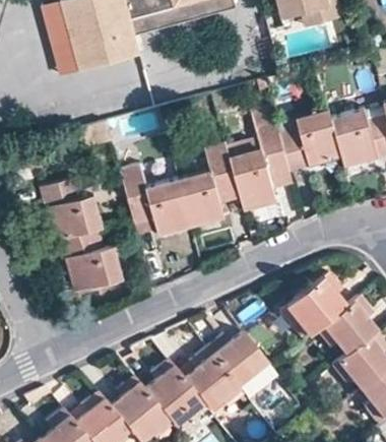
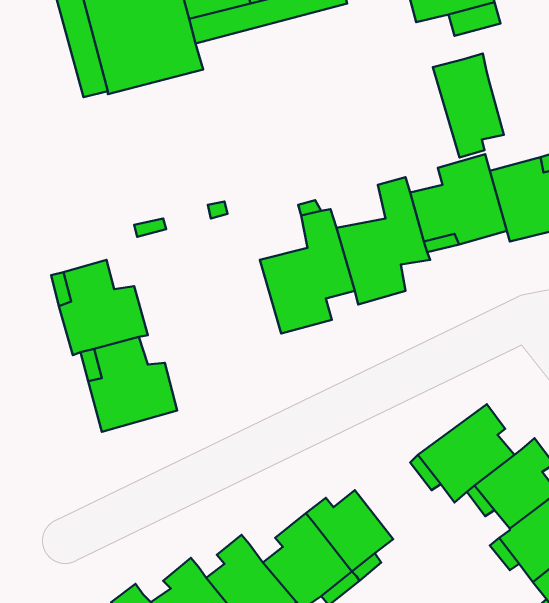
building: none -> [433,54,504,157]
building: [121,164,193,236] -> none

